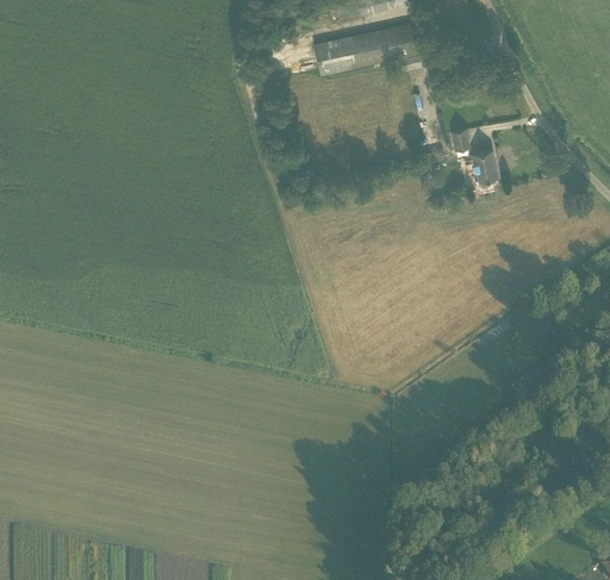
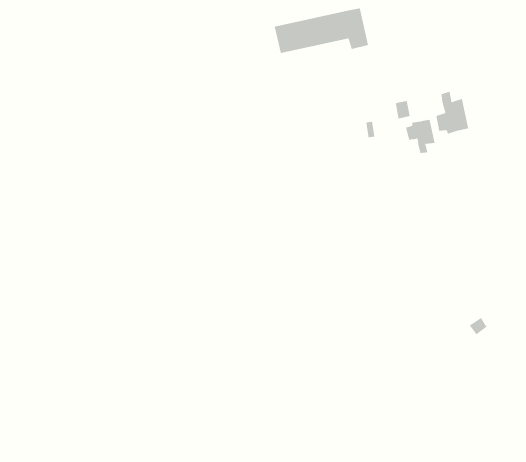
building: none -> [436,91,469,135]

